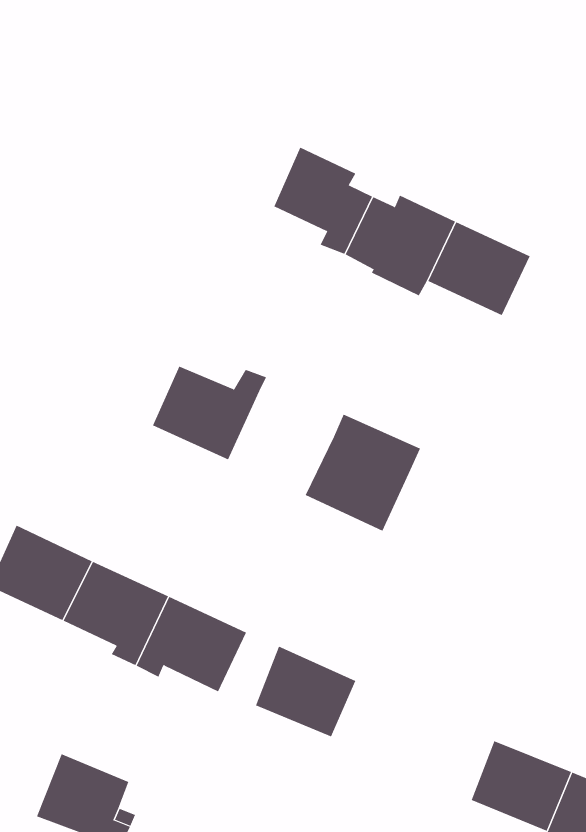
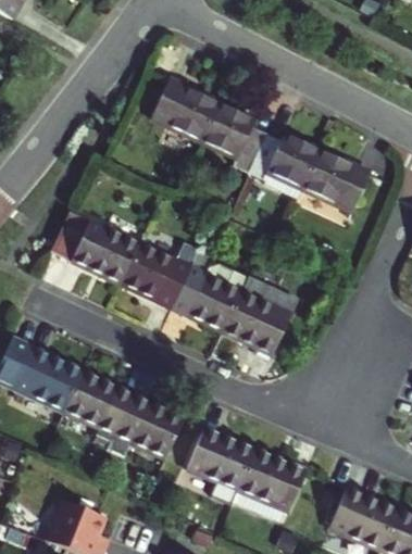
building: none -> [150,77,217,139]
building: none -> [51,213,138,282]
building: none -> [171,257,241,328]
building: none -> [233,450,304,519]

